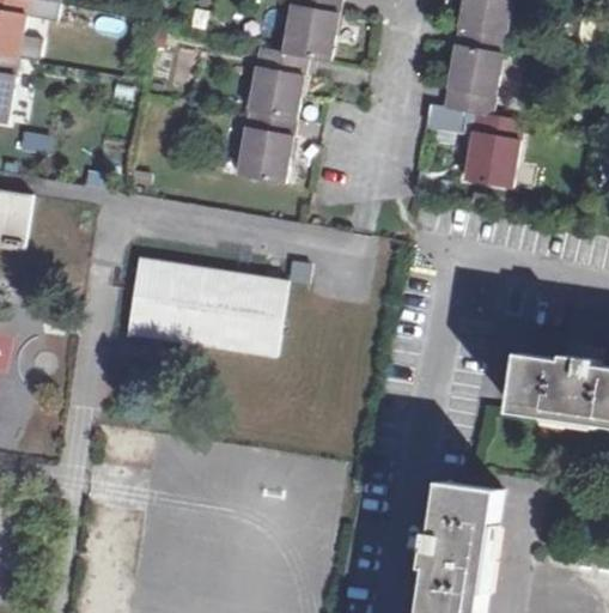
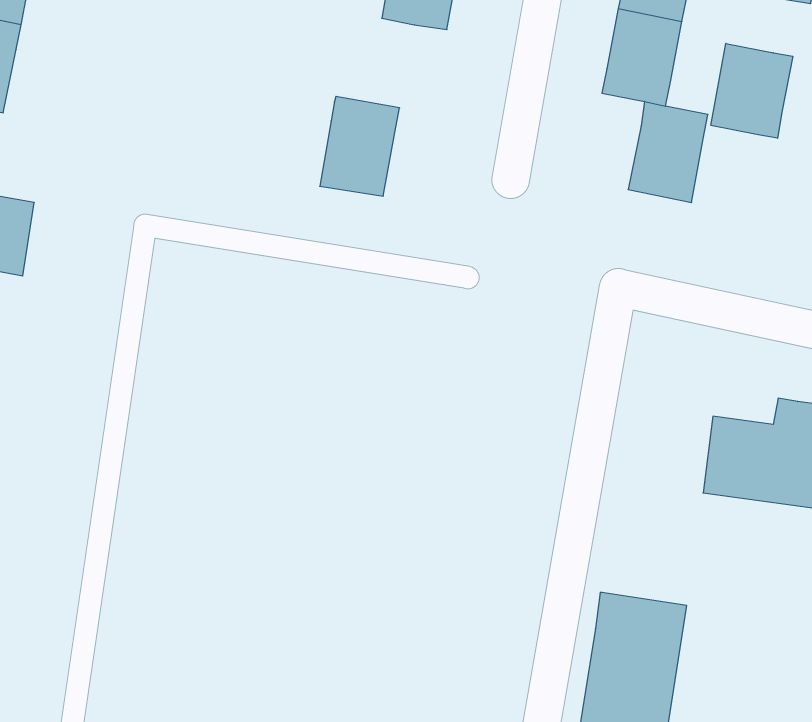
building: [246,55,304,125] -> none
building: none -> [711,43,793,138]
building: [123,255,288,358] -> none

